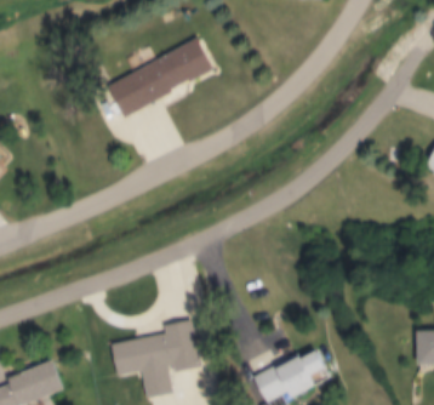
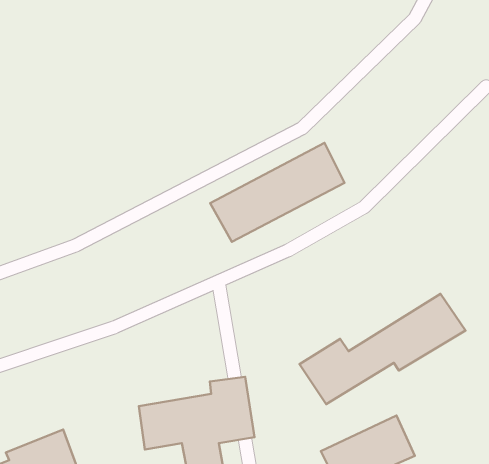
building: [105,38,211,115] -> [210,143,345,242]
building: none -> [299,294,465,404]

